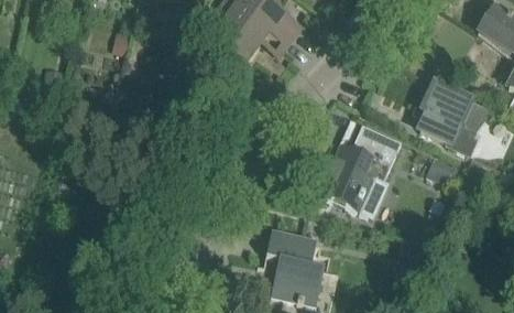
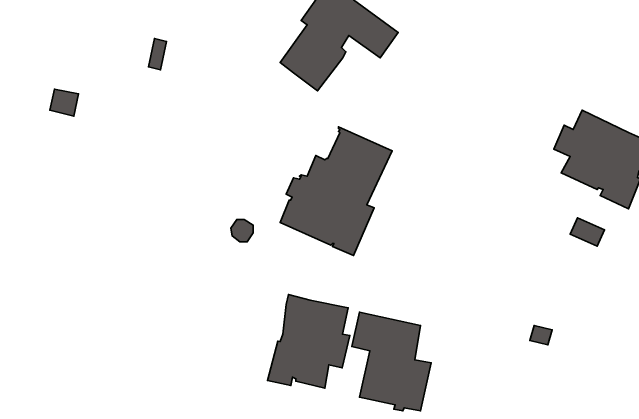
building: [319,122,402,217] -> [280,127,392,256]
building: none -> [268,295,350,388]

